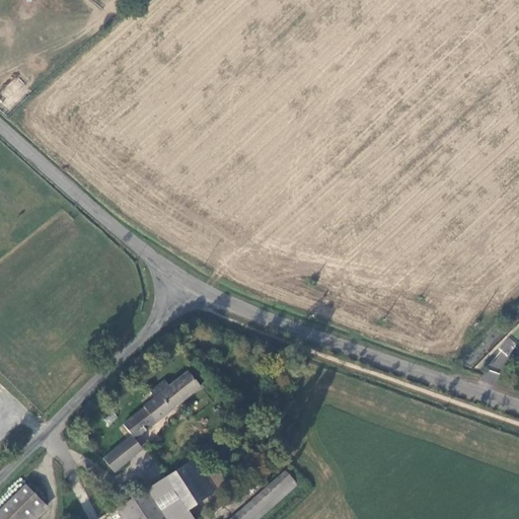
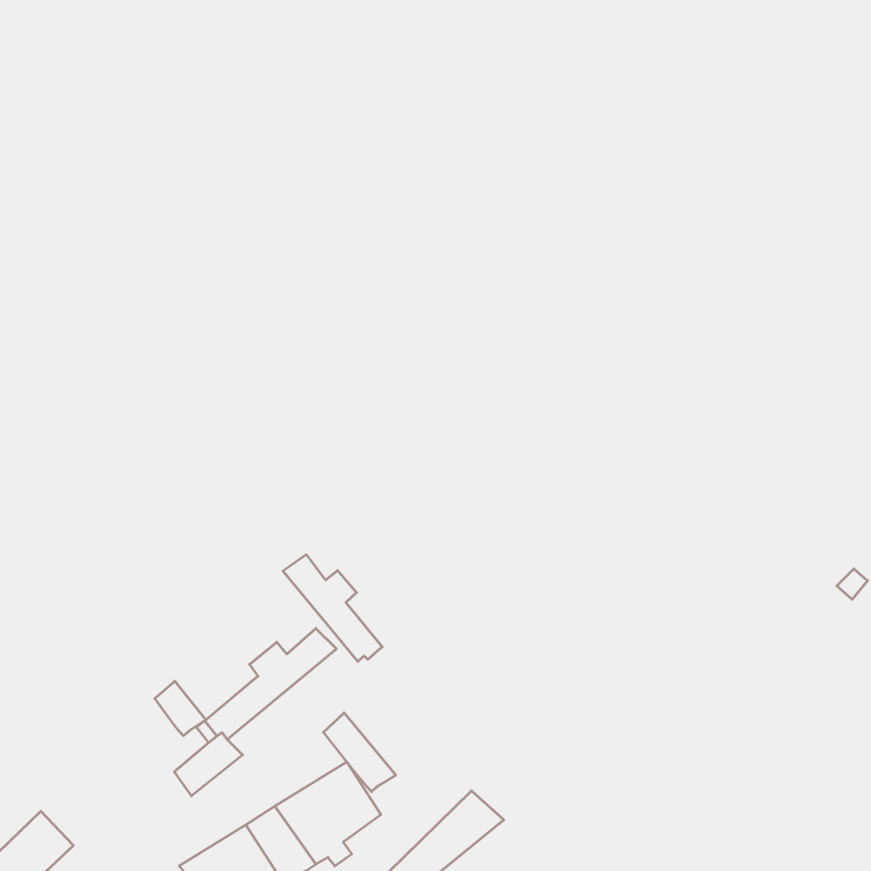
building: none -> [283,555,382,661]
building: none -> [155,681,206,736]
building: none -> [323,713,396,792]

